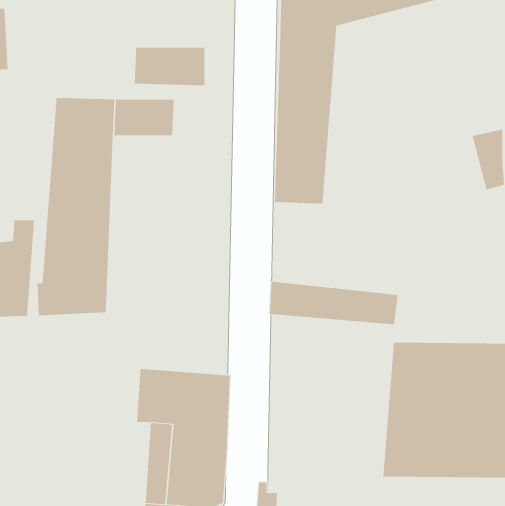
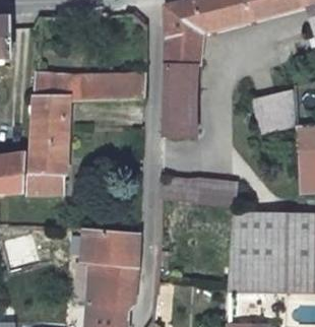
building: [134,47,205,86] -> [104,73,145,95]
building: none -> [252,94,286,132]

